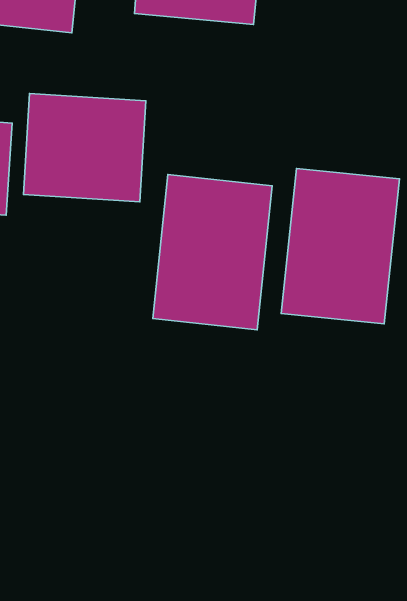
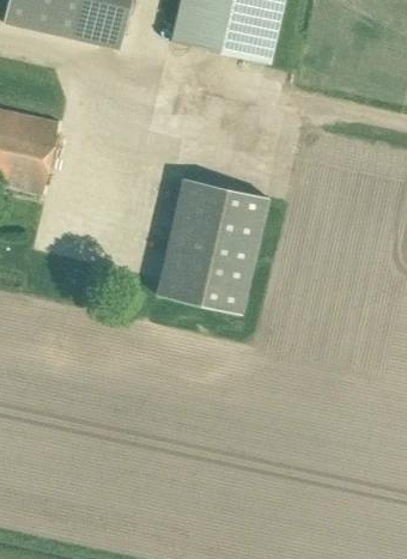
building: [23,93,146,202] -> none
building: [281,169,399,324] -> none

